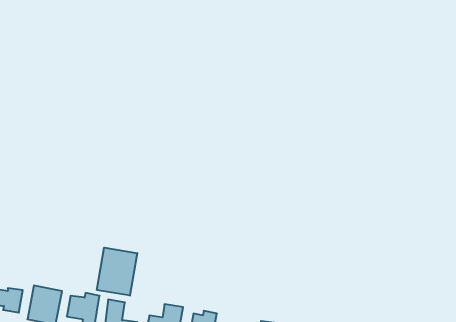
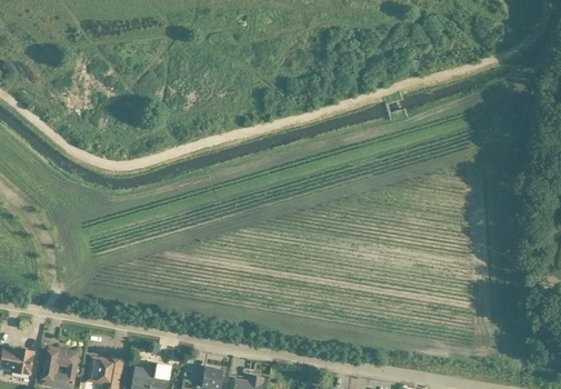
building: [97,248,137,296] -> none

